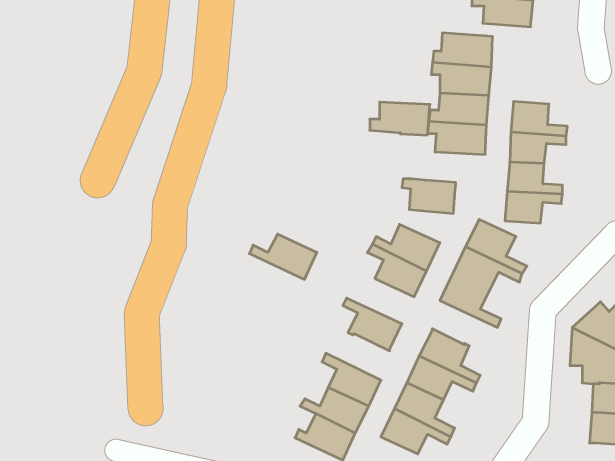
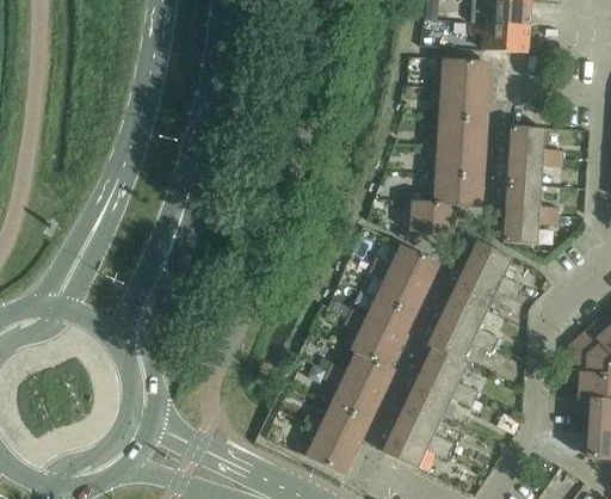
building: [370,102,430,135] -> [425,174,483,207]
building: [249,234,317,279] -> [348,297,414,341]
building: none -> [427,319,495,362]
building: none -> [328,351,395,396]

